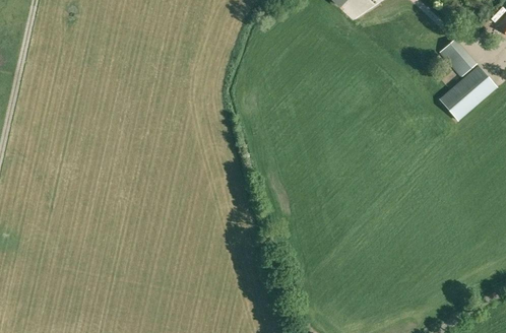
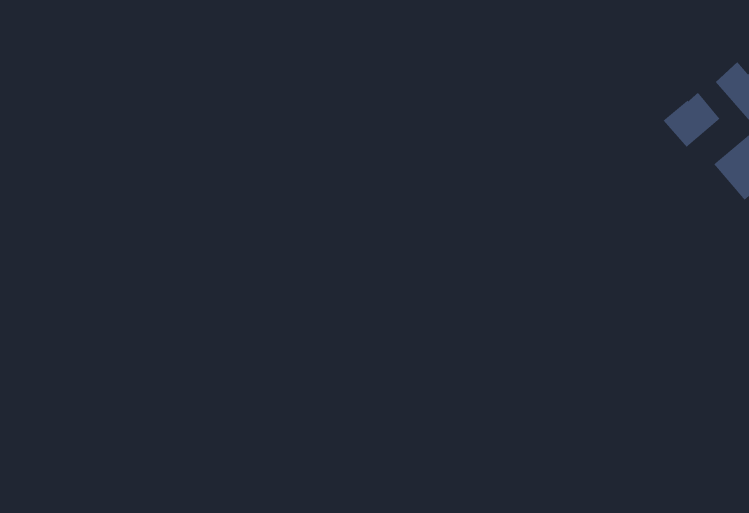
building: none -> [662,92,720,148]

